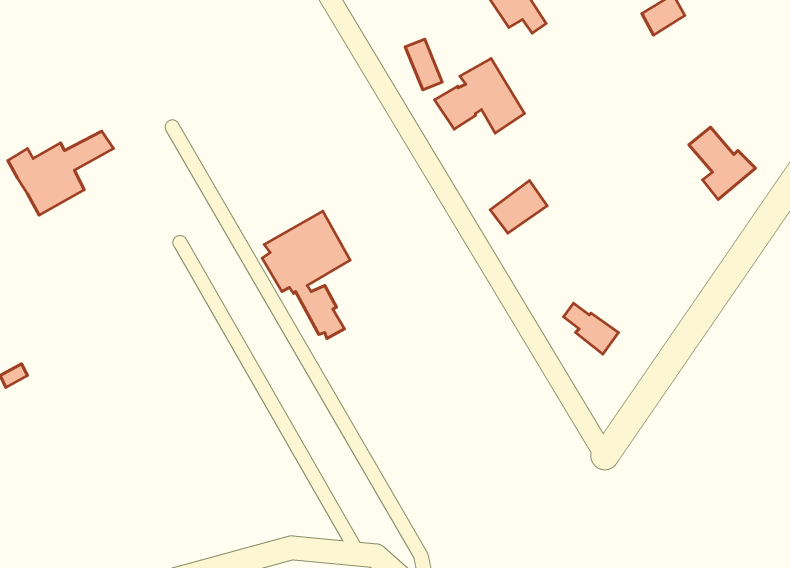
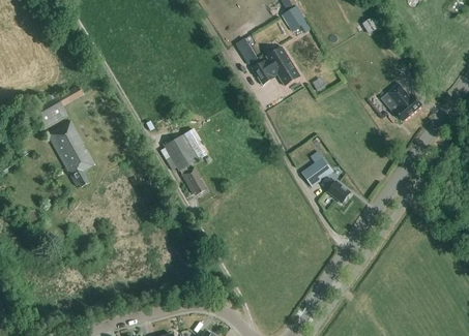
building: [490,180,547,233] -> [302,157,332,185]
building: none -> [47,120,94,187]

